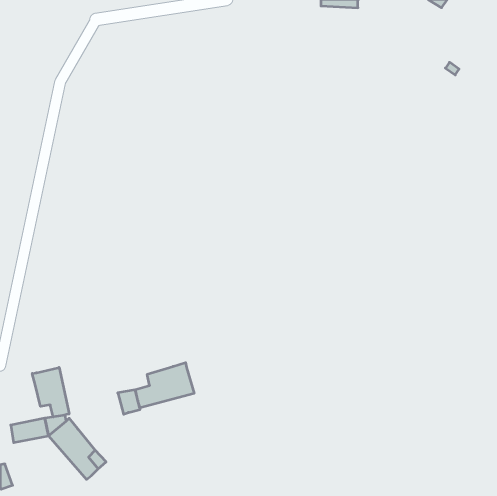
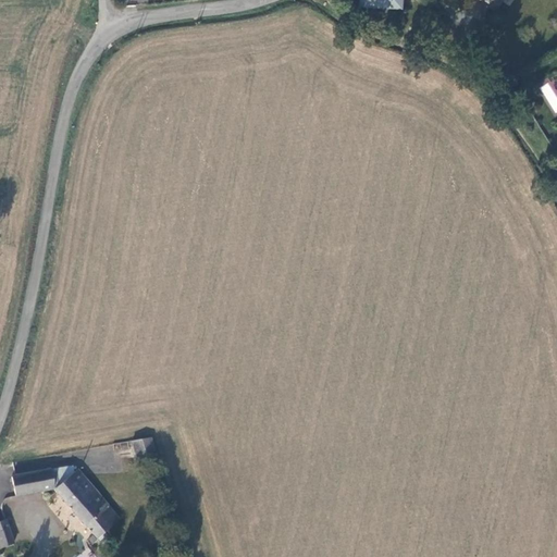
building: [136,363,194,408] -> none
building: [32,367,69,417] -> none

